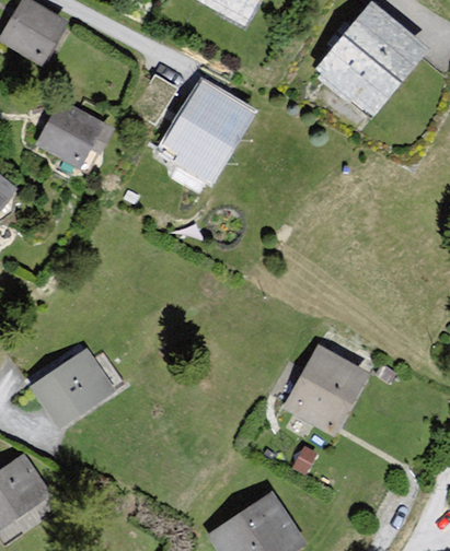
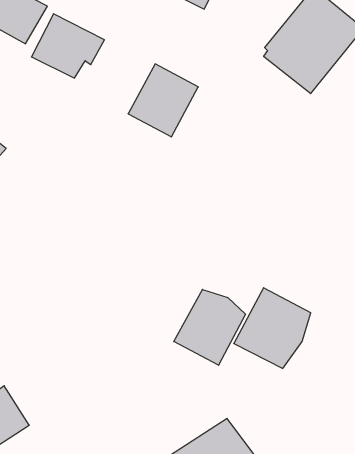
building: [38,97,122,171] -> [31,14,104,78]
building: none -> [174,289,246,365]
building: [32,351,116,429] -> none

